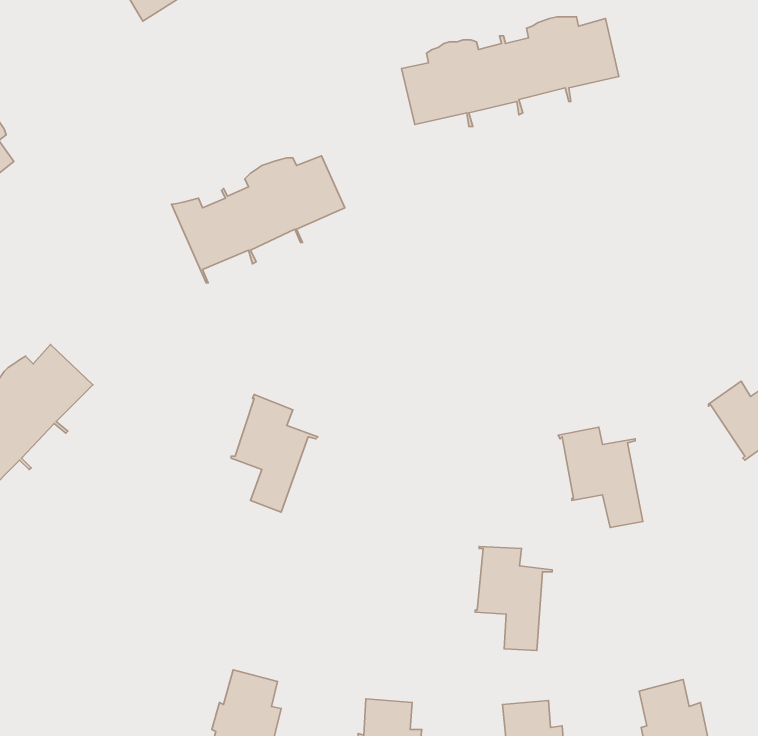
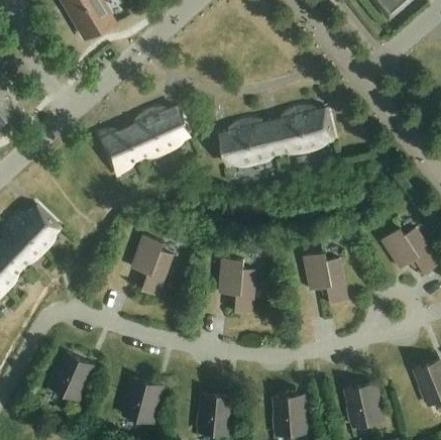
building: [401,17,619,126] -> [219,109,333,167]
building: [475,547,552,651] -> [219,258,259,313]
building: none -> [49,352,88,400]

